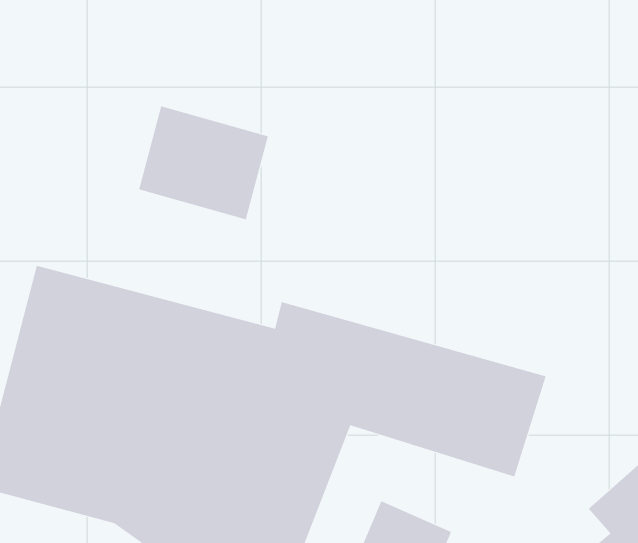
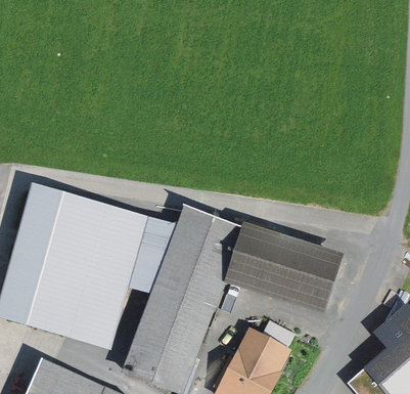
building: [139,105,269,220] -> none

